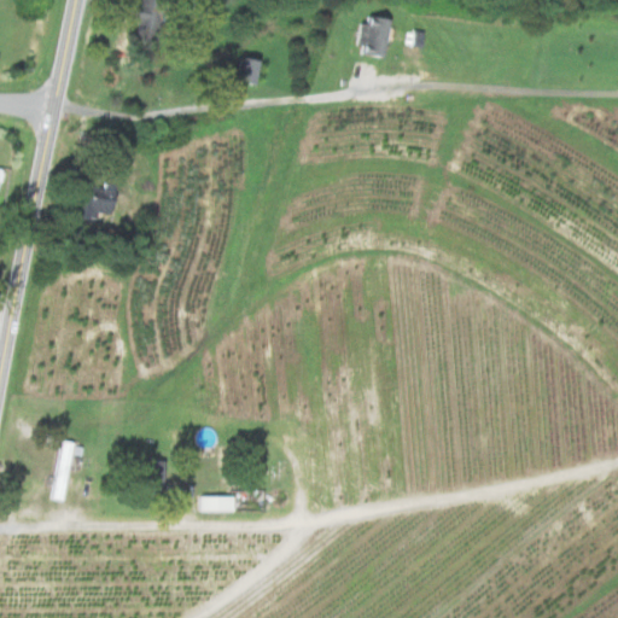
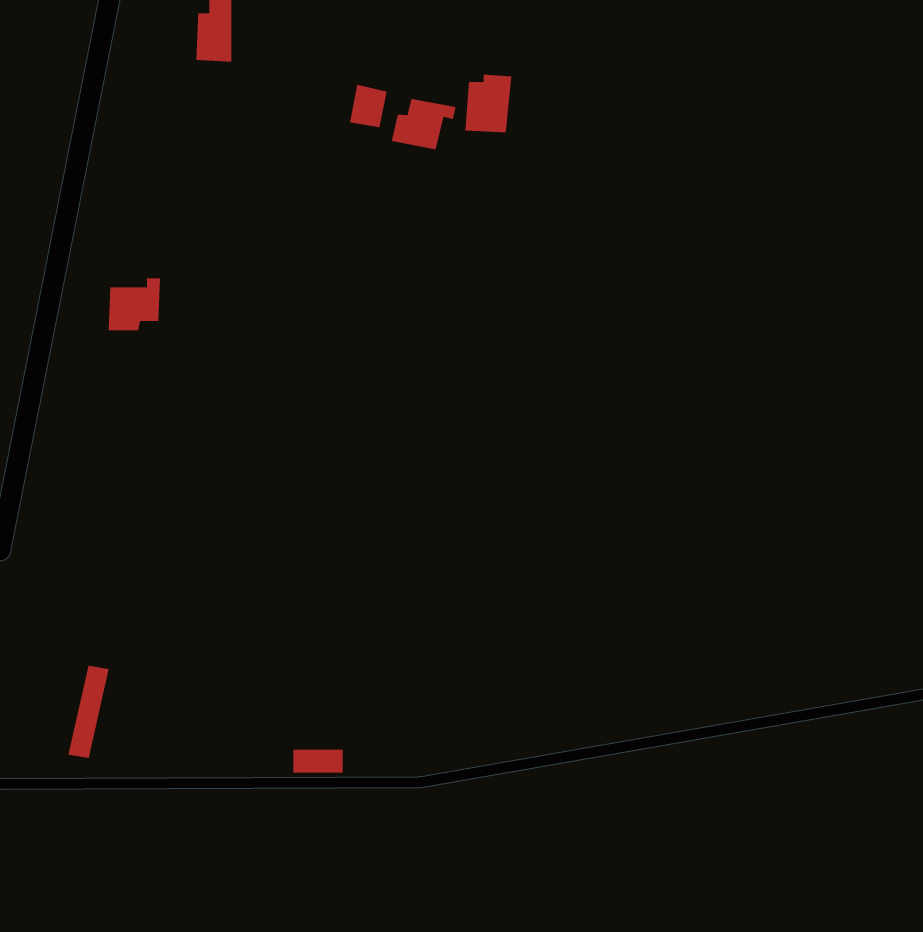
building: [360,17,391,56] -> [465,74,512,133]
building: none -> [391,98,456,150]

